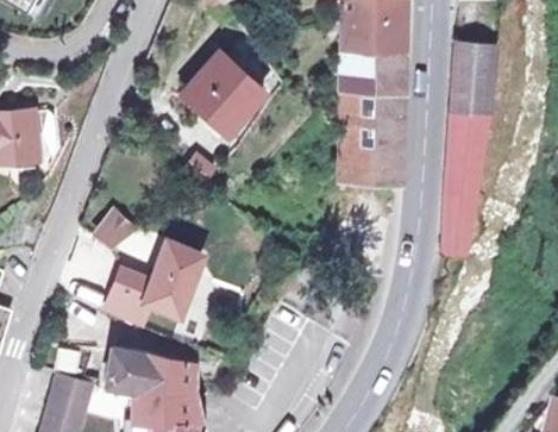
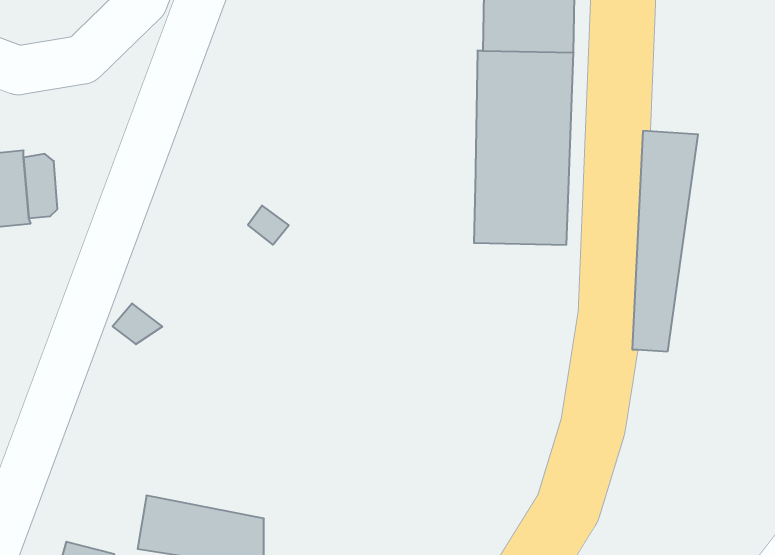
building: [447,37,491,106] -> none
building: [182,52,264,129] -> none
building: [109,239,206,323] -> none

